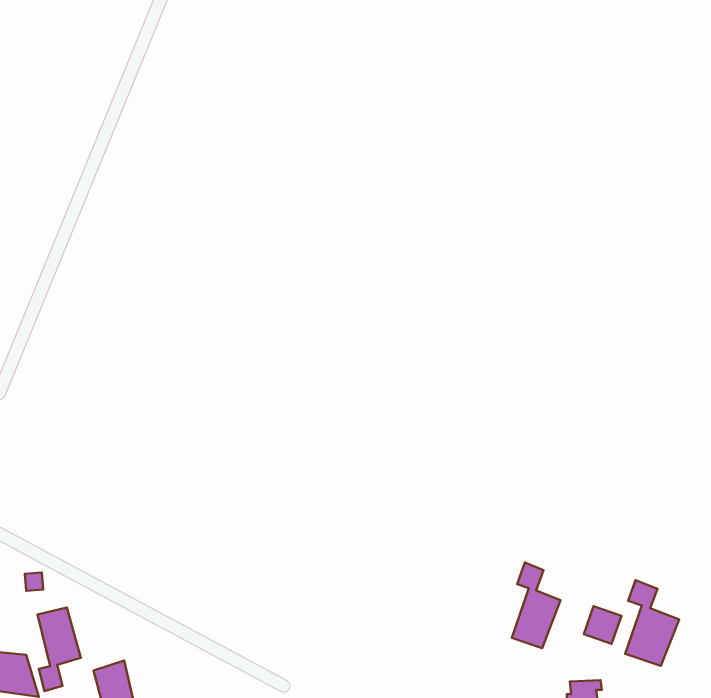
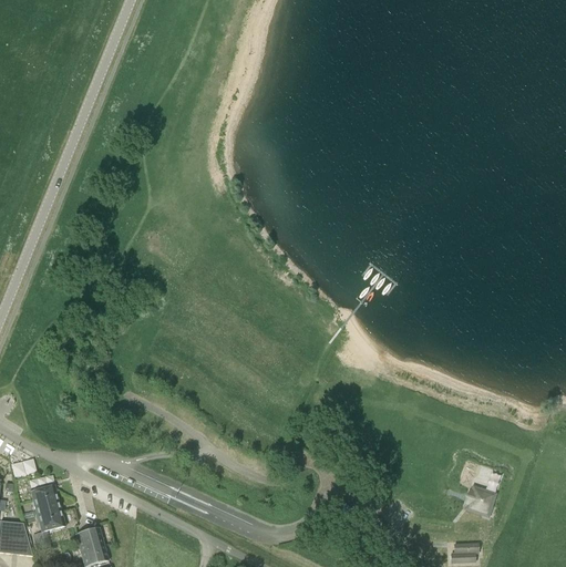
building: [512,563,561,648] -> none
building: [625,580,679,666] -> none

